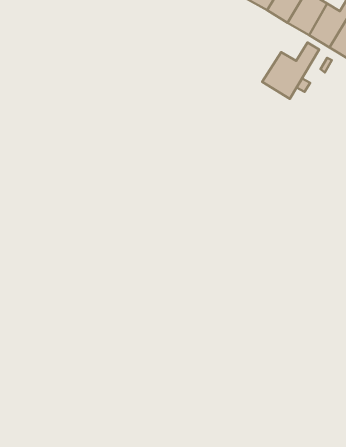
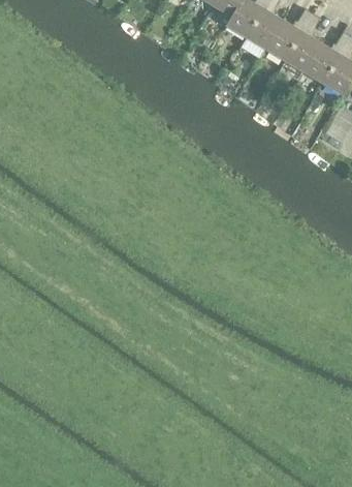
building: [262,42,319,99] -> none

